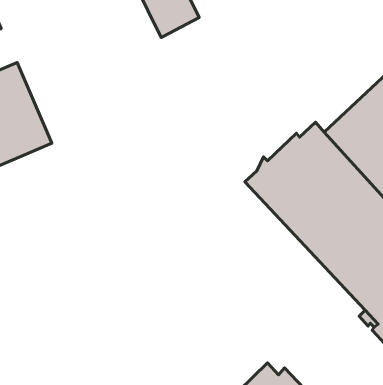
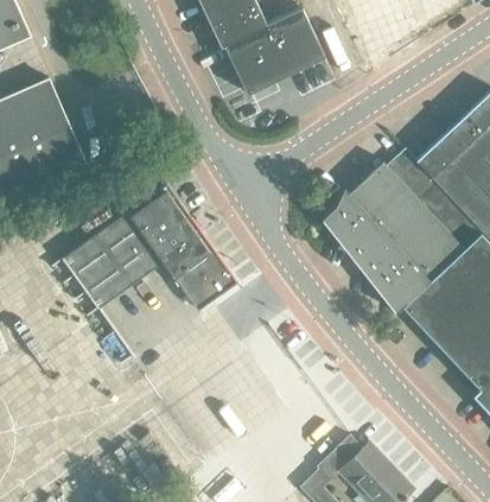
building: none -> [224,9,325,95]
building: none -> [50,185,237,366]

